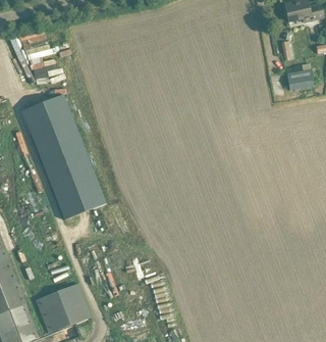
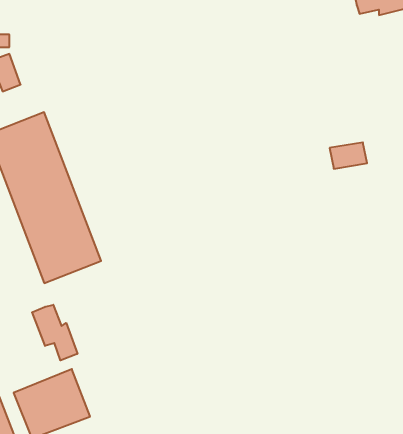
building: [287,69,315,89] -> [330,142,367,169]
building: none -> [32,305,77,360]

